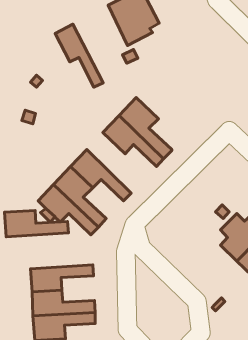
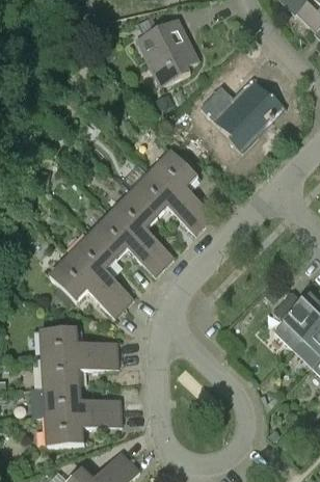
building: [55,24,103,87] -> none
building: none -> [198,77,285,151]
building: none -> [109,192,172,266]
building: [4,211,68,237] -> [38,326,116,358]

